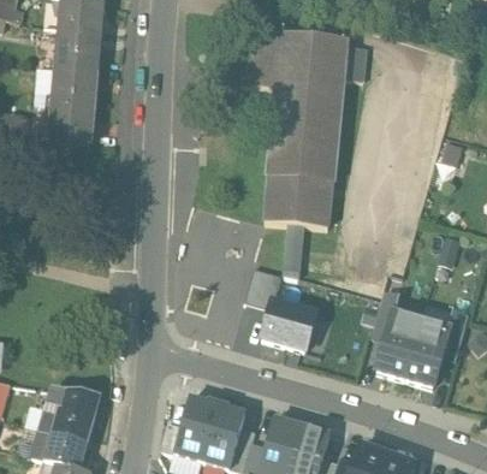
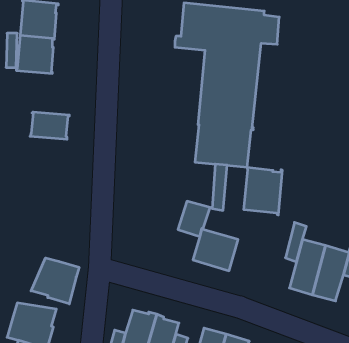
building: [46,111,93,143] -> [30,112,69,139]
building: none -> [244,167,282,215]
building: none -> [31,258,79,304]

